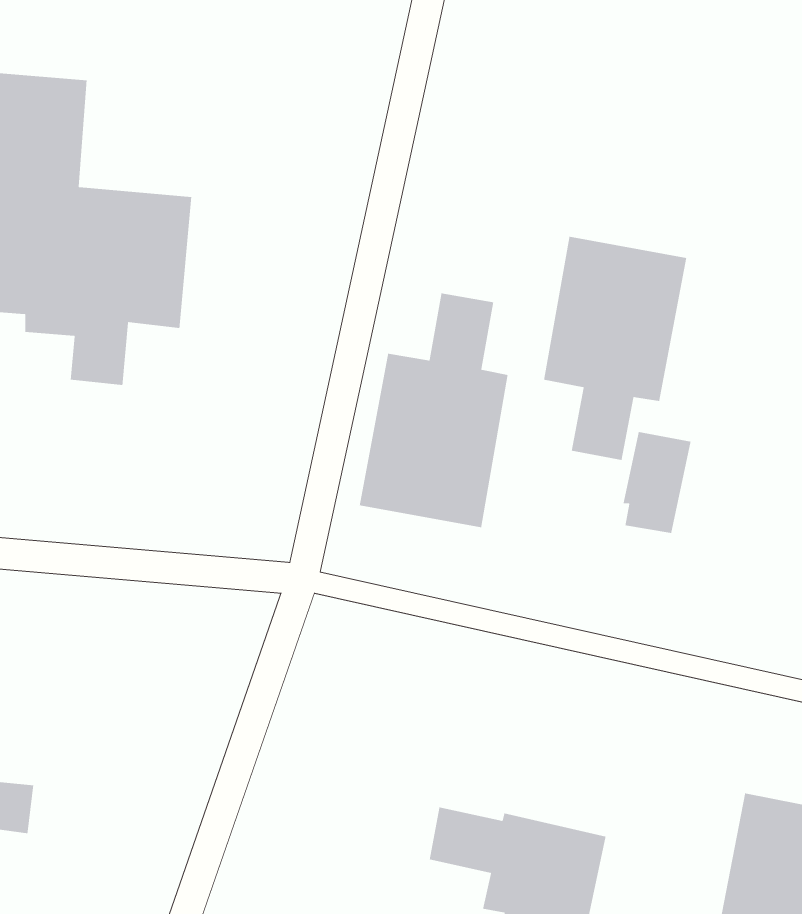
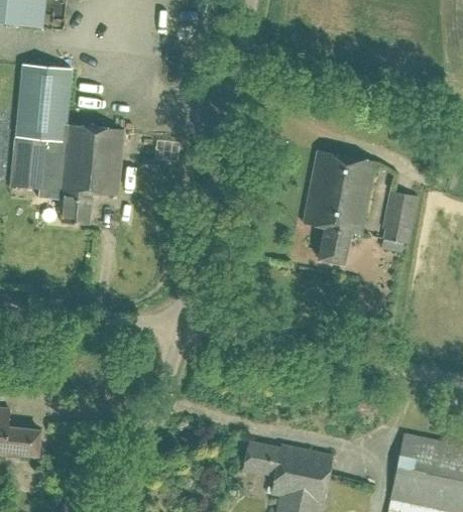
building: [359,292,509,528] -> none
building: [623,431,692,534] -> [383,191,419,244]

